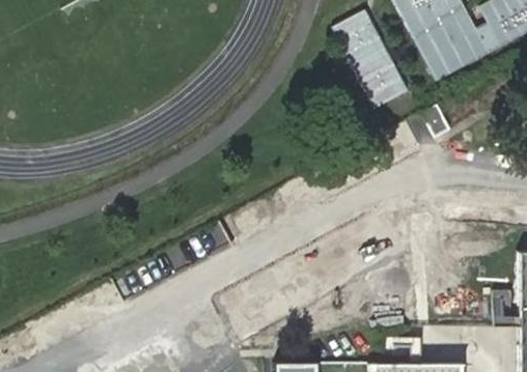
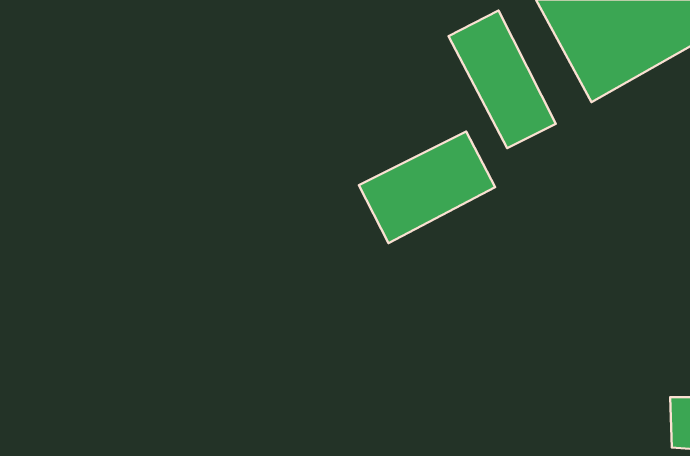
building: none -> [359,131,495,243]

